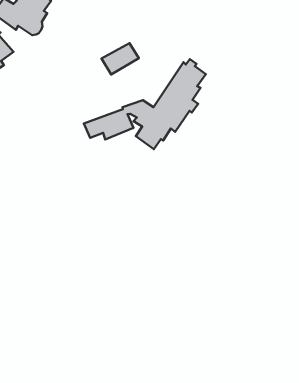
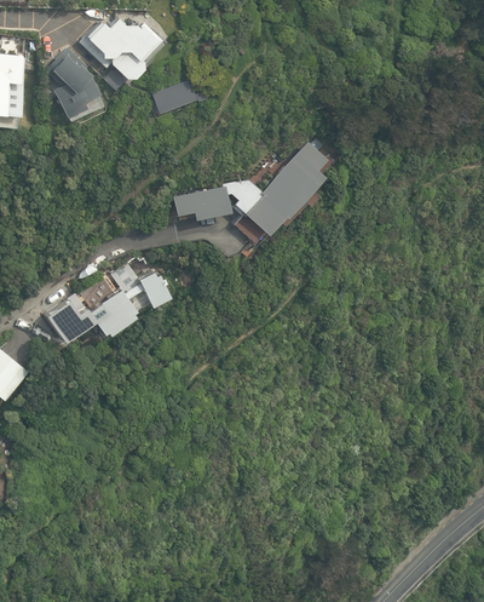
building: [102,43,139,75] -> [154,81,200,116]
building: none -> [57,273,173,336]

